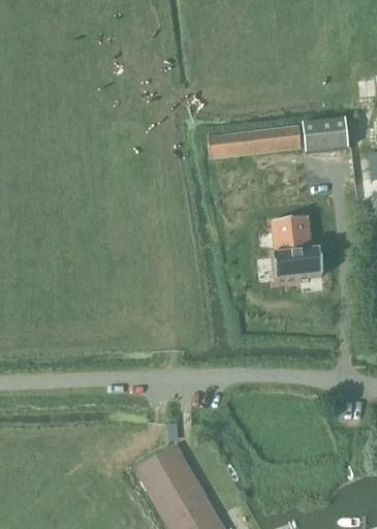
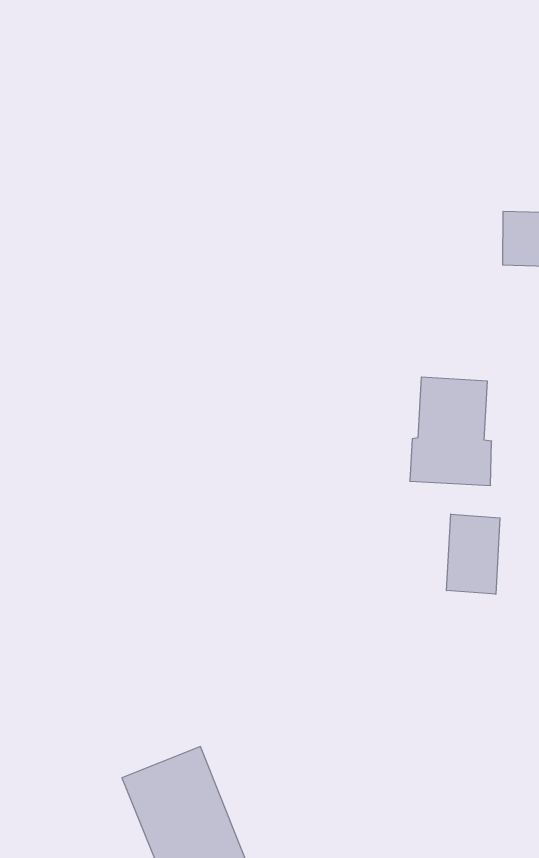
building: [208,125,301,157] -> none
building: none -> [447,514,500,594]

